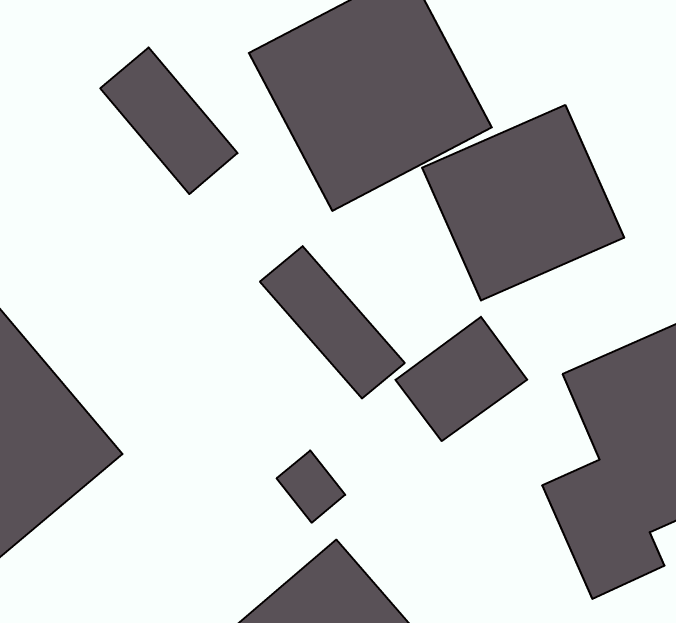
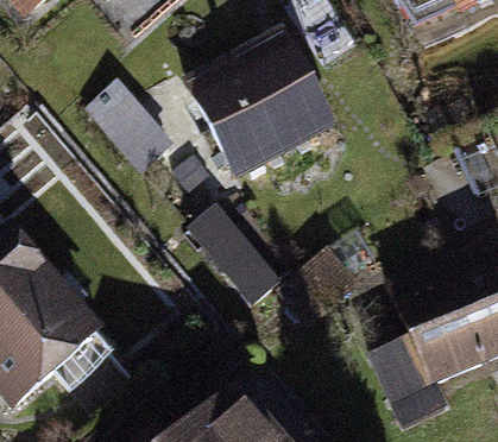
building: [422,105,624,301] -> none

